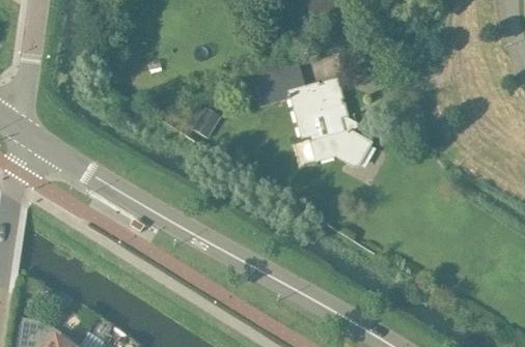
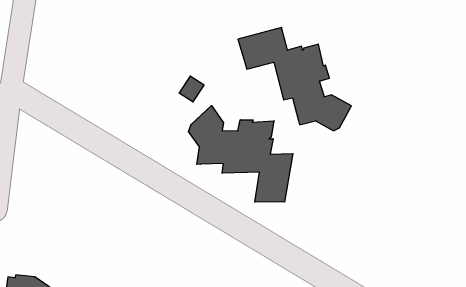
building: none -> [189,106,293,202]

